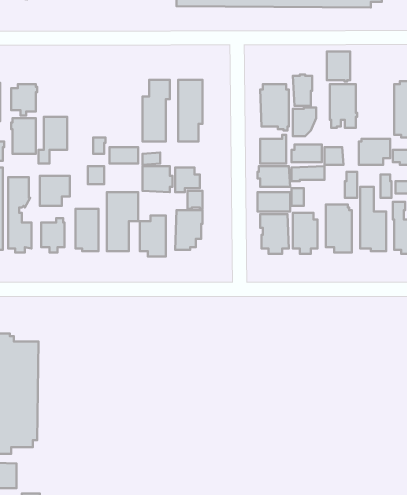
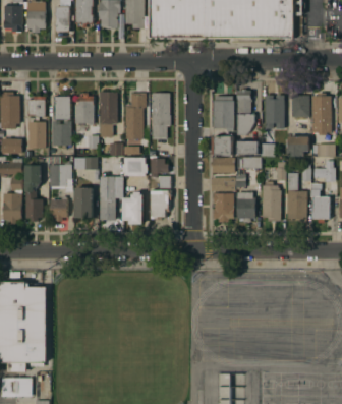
building: [327,52,350,82] -> [292,95,309,117]
building: none -> [100,91,117,136]
building: none -> [74,93,94,124]
building: none -> [54,96,70,119]

